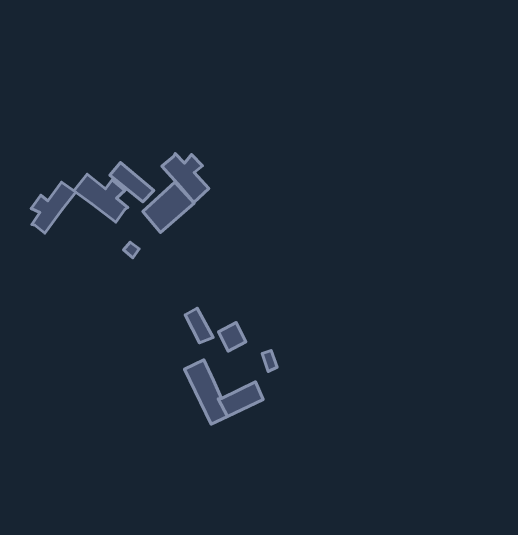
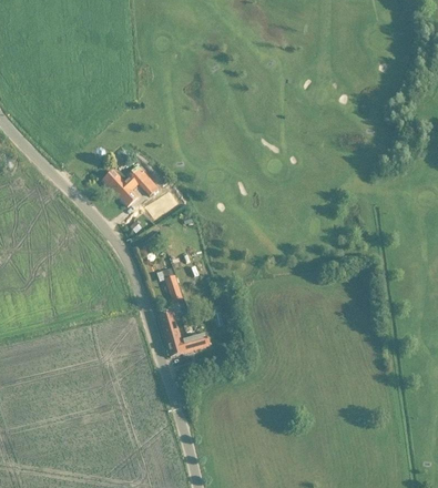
building: [162,154,209,203] -> none
building: [31,182,76,233] -> none

